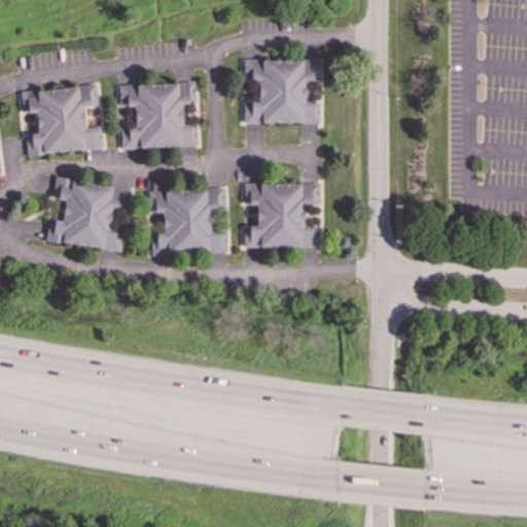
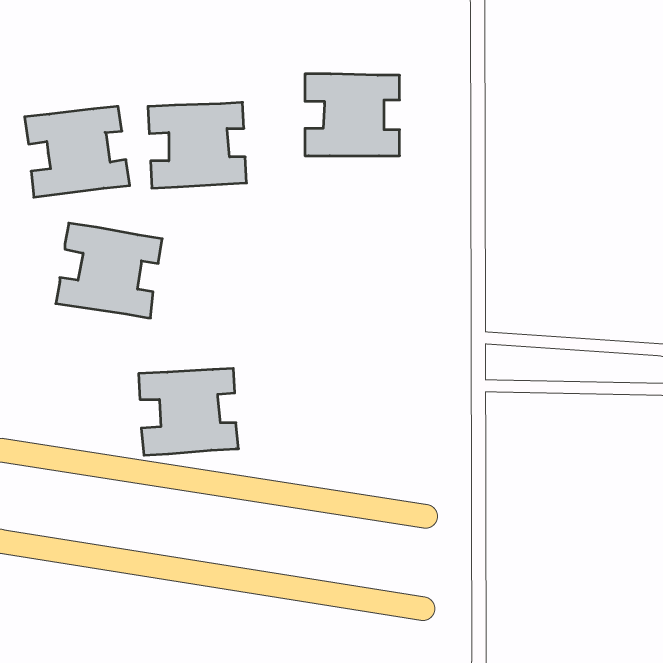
building: [242,183,317,248] -> none
building: [146,188,225,257] -> [139,368,239,455]

